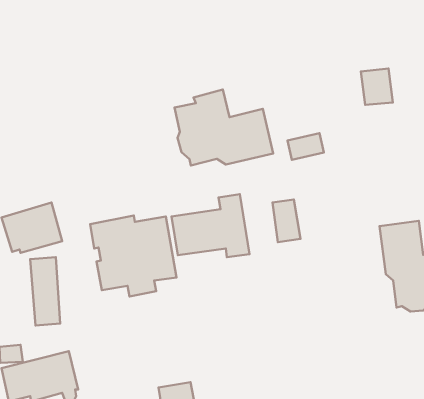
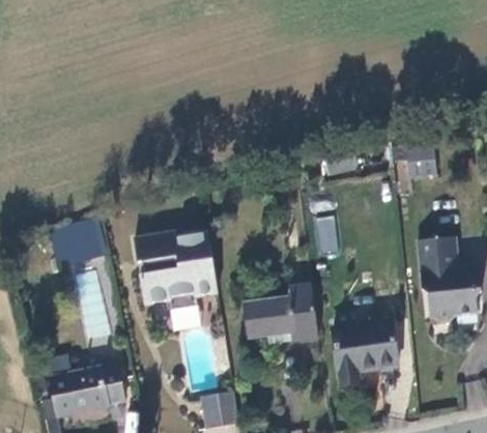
building: [361,68,393,105] -> [408,144,439,179]
building: [174,90,273,165] -> none
building: [171,194,249,257] -> [244,281,319,342]
building: none -> [328,321,397,384]

